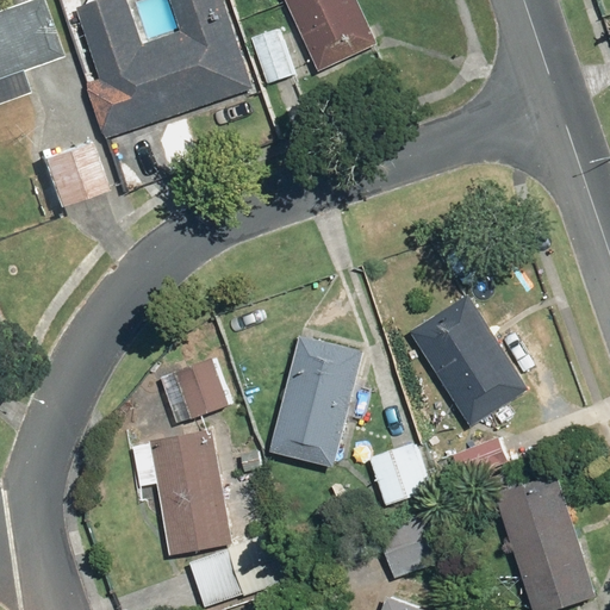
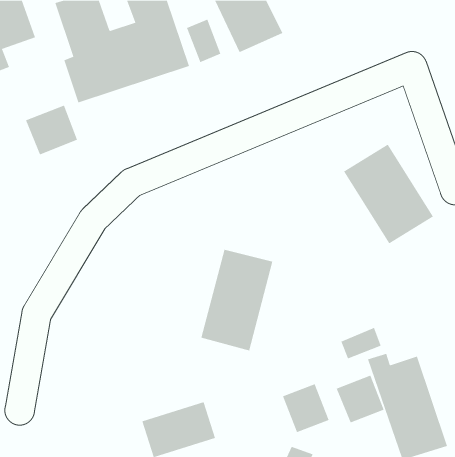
building: [409,294,529,428] -> [343,144,434,244]
building: [157,351,229,423] -> none
building: [131,428,231,554] -> none
building: [368,441,432,505] -> [336,375,384,423]

